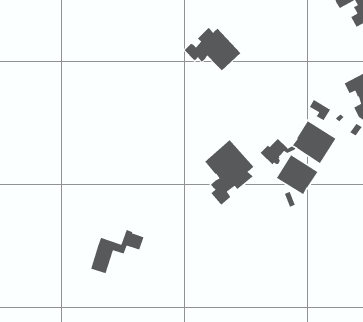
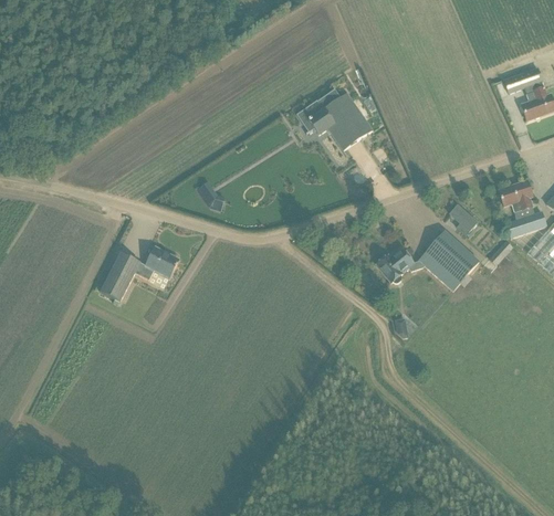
building: [204,139,254,206] -> none
building: [276,154,318,195] -> none
building: [90,229,145,274] -> [101,245,178,301]

